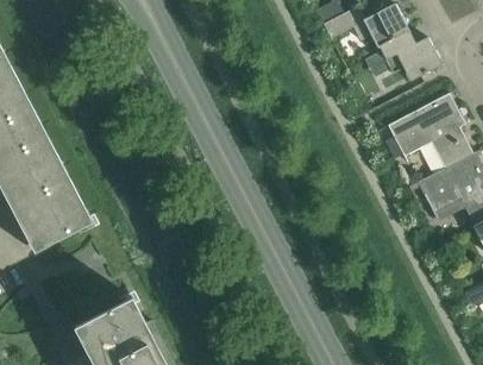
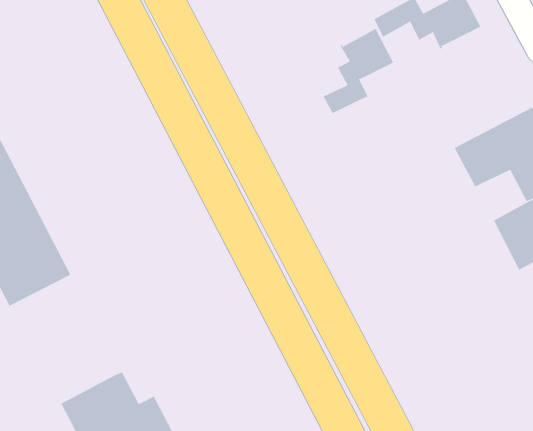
building: [377,30,441,81] -> none
building: none -> [323,28,394,114]

